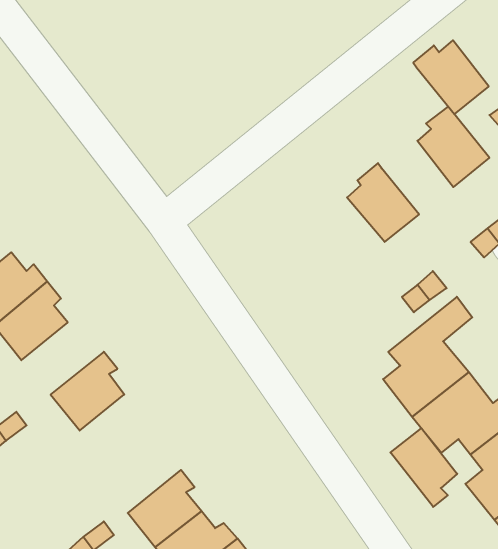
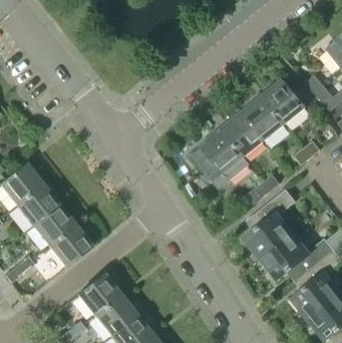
building: [413,40,489,114] -> [240,97,284,140]
building: none -> [191,130,249,182]
building: none -> [31,204,79,246]
building: [390,428,457,507] -> none
building: none -> [76,273,124,315]

